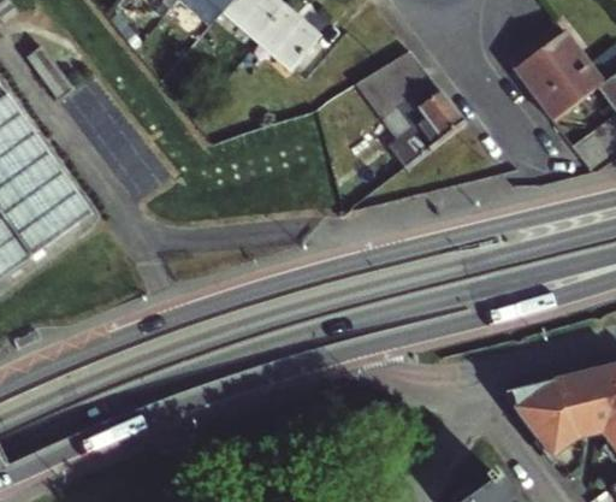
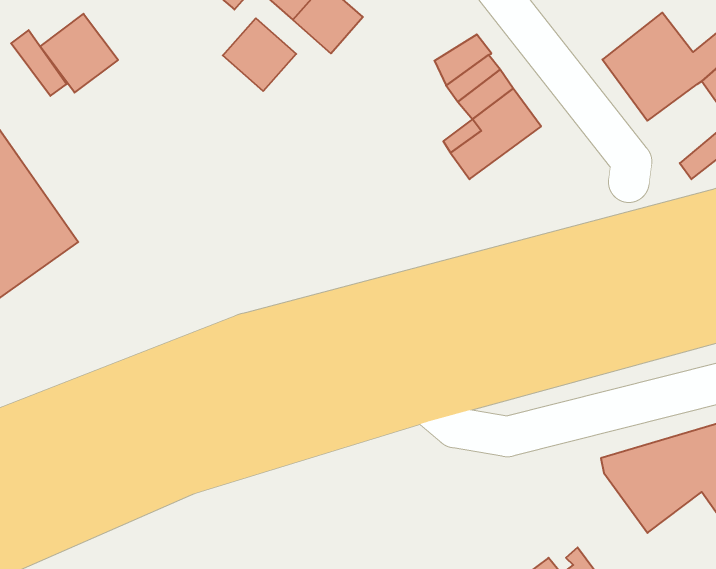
building: none -> [40,14,118,93]
building: none -> [223,18,296,91]

